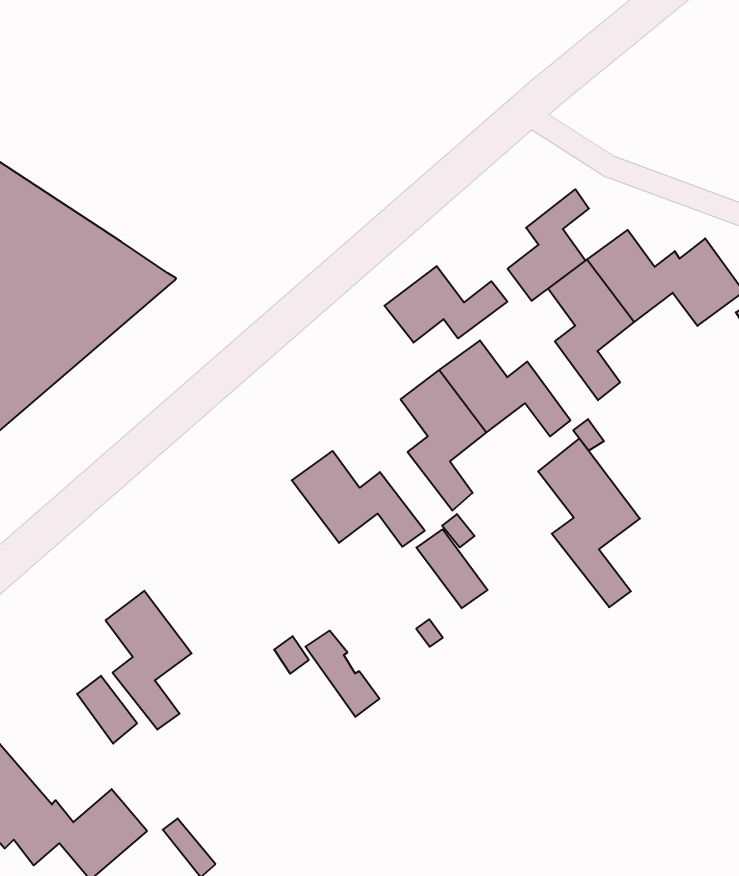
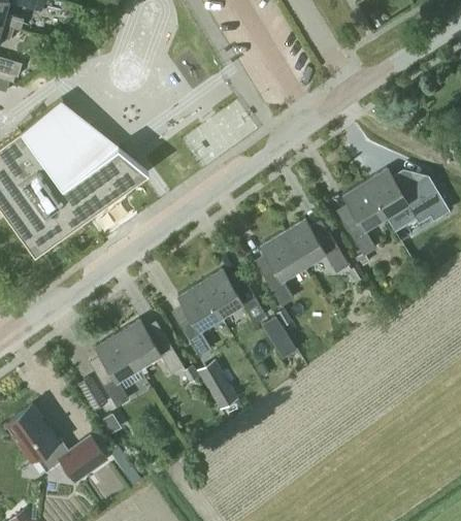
building: [508,189,589,301] -> none
building: [384,266,507,343] -> none
building: [538,439,640,607] -> none
building: none -> [178,284,222,358]
building: none -> [118,321,185,375]

